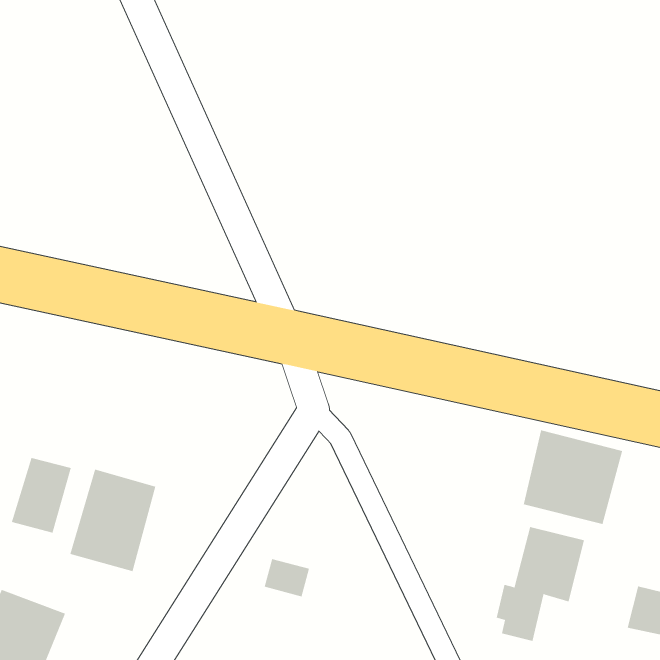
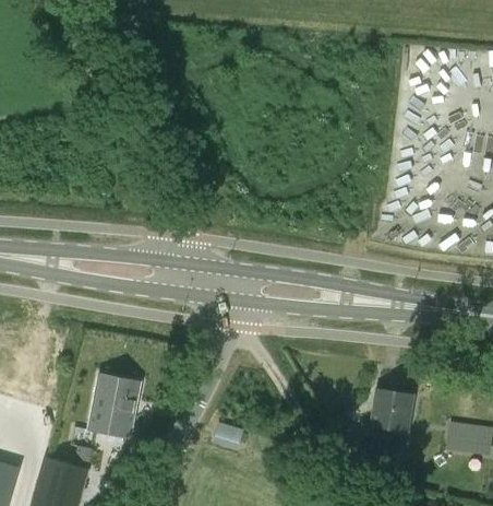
building: [523,430,623,525] -> none
building: [11,457,71,534] -> none

